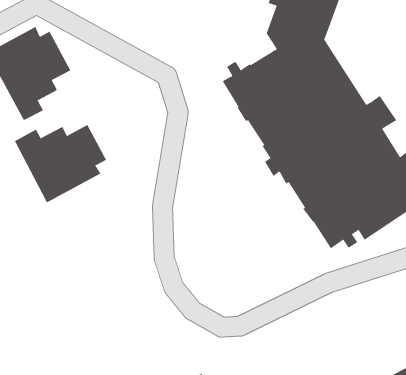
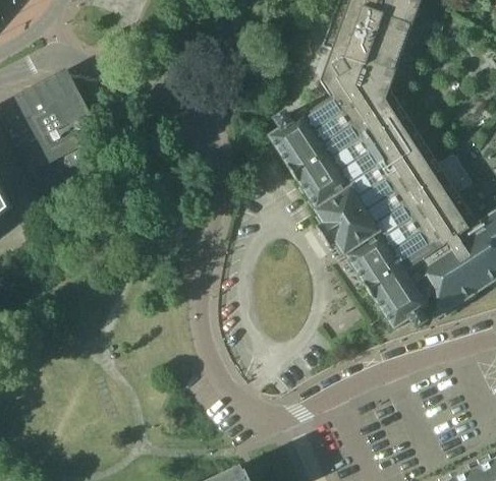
building: [14,124,107,203] -> none

